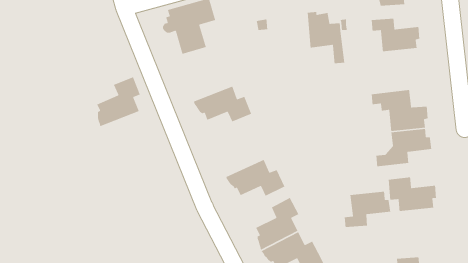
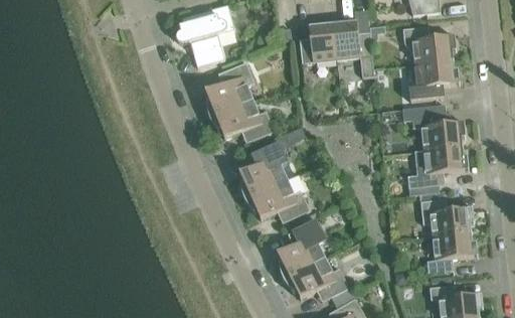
building: none -> [299,20,336,62]
building: none -> [408,59,460,101]
building: [96,76,141,127] -> [205,61,253,117]
building: none -> [239,142,288,198]
building: [344,191,391,228] -> [426,232,478,273]

